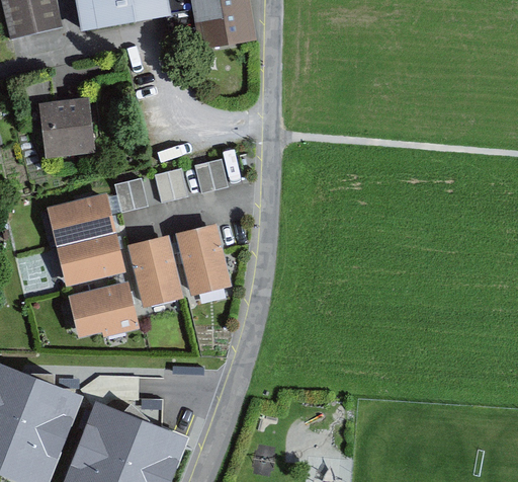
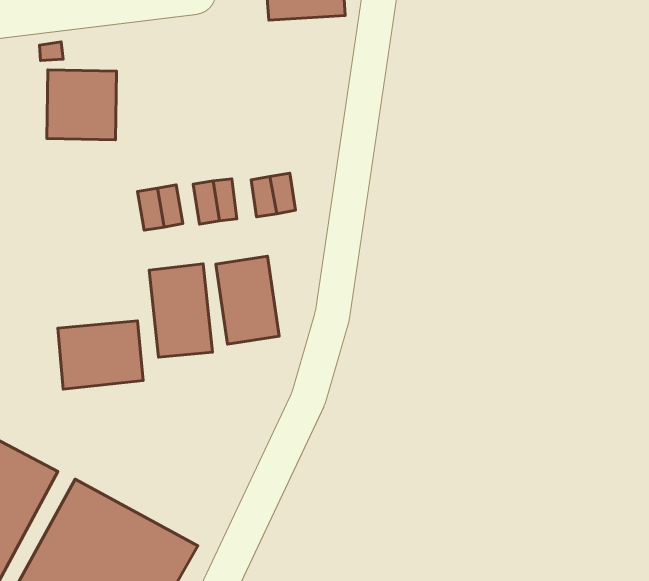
building: [48,189,116,238] -> none
building: [61,233,127,280] -> none

